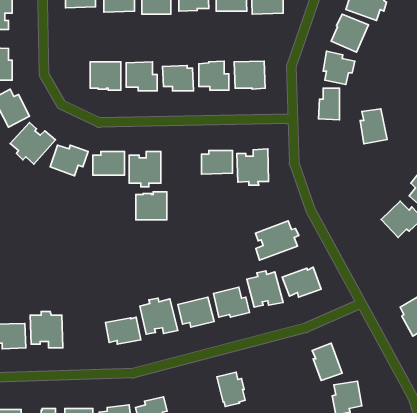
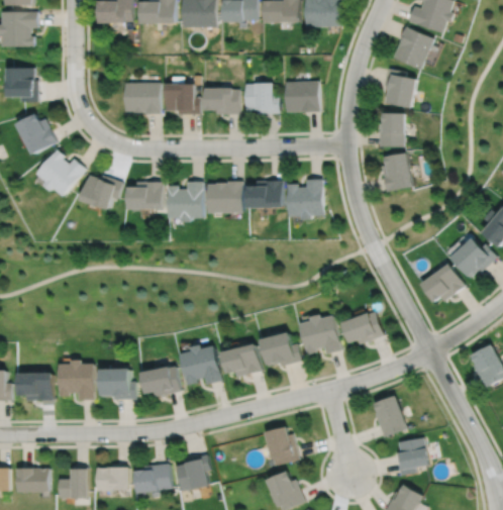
building: [360,109,387,144] -> [380,151,410,191]
building: [136,192,167,220] -> [208,181,242,212]
building: [256,221,299,260] -> none
building: none -> [418,263,464,302]
building: none -> [100,370,135,401]

